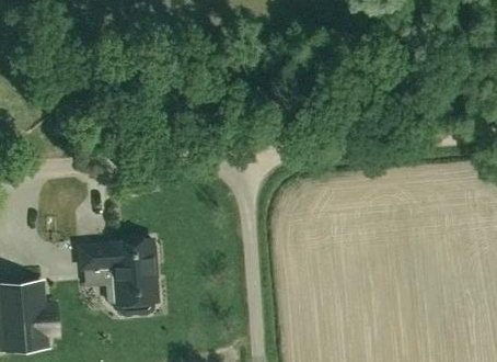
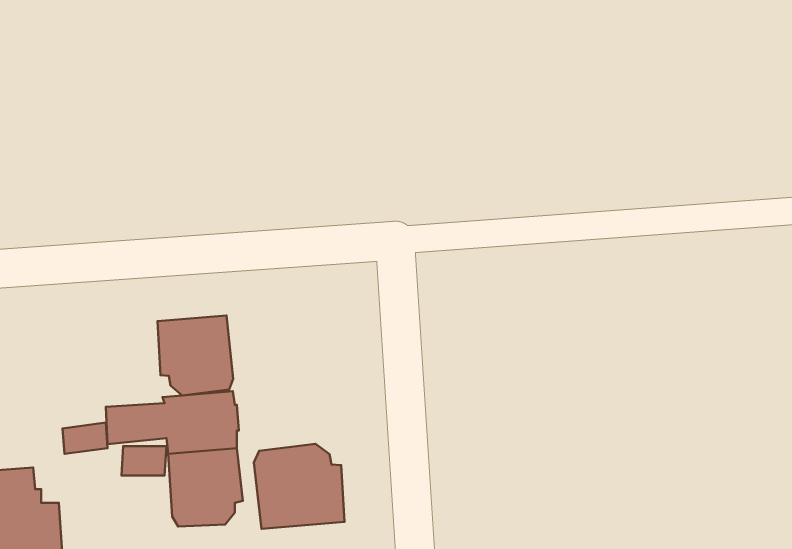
building: none -> [157,316,233,396]
building: none -> [254,444,344,529]

